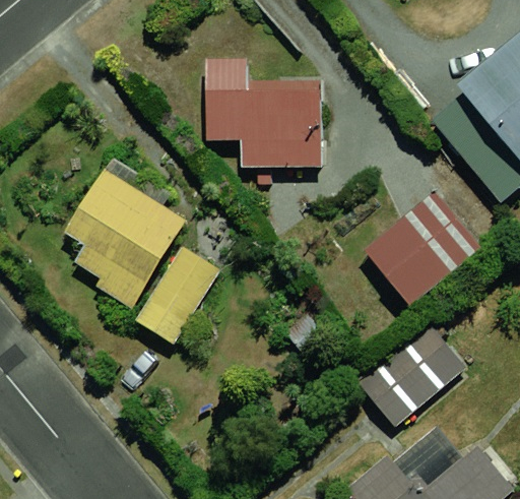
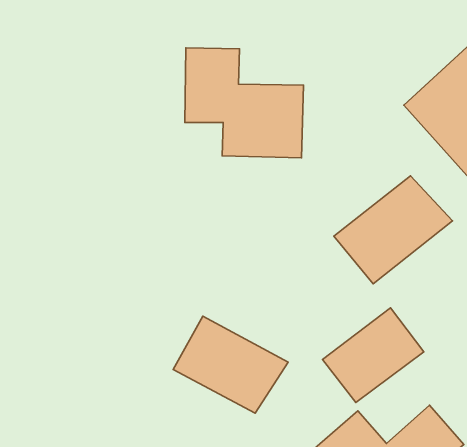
building: [70,161,223,347] -> none
building: none -> [173,316,288,413]

